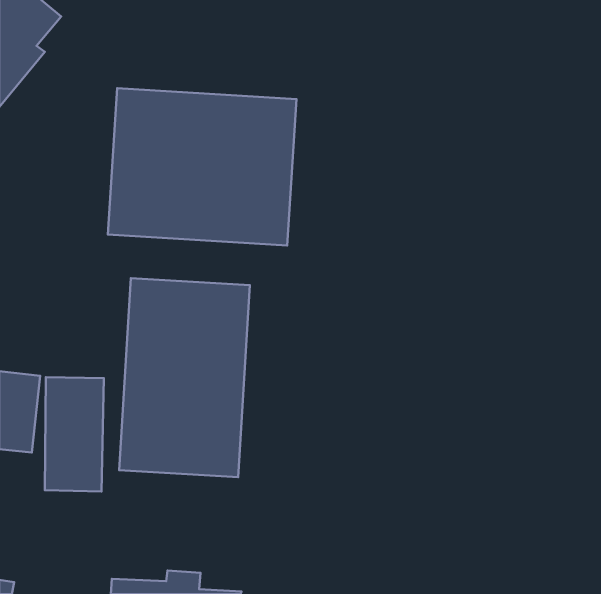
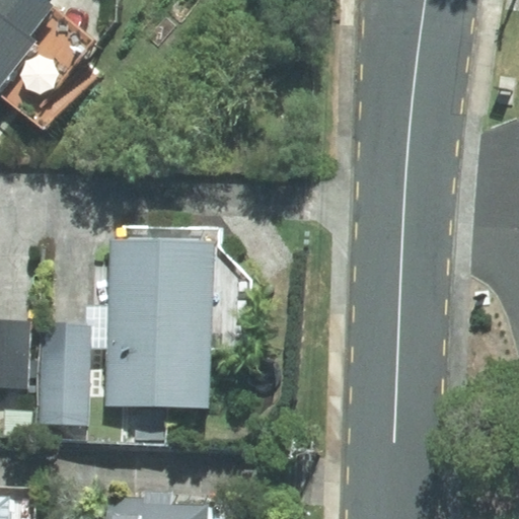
building: [108,88,296,245] -> none

